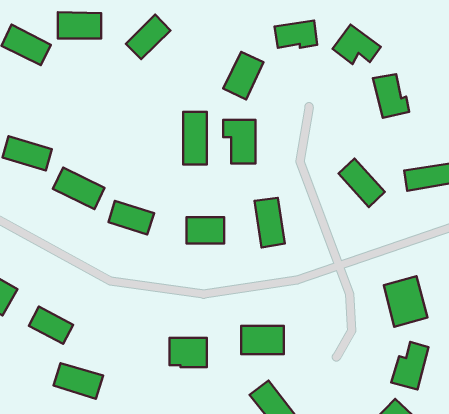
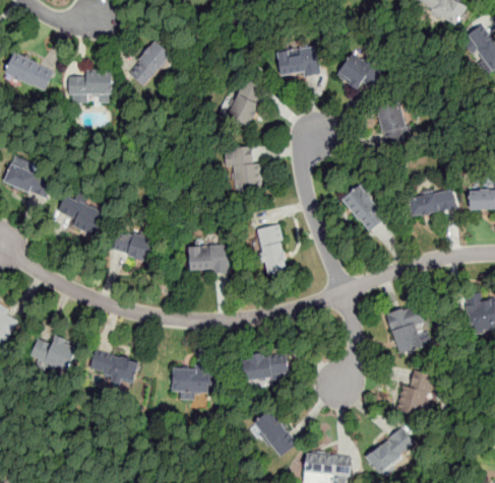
building: [58,12,101,39] -> [68,72,112,98]
building: [183,112,207,165] -> none
building: [53,363,103,399] -> [89,350,139,386]

